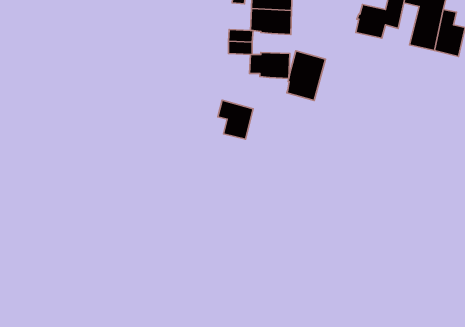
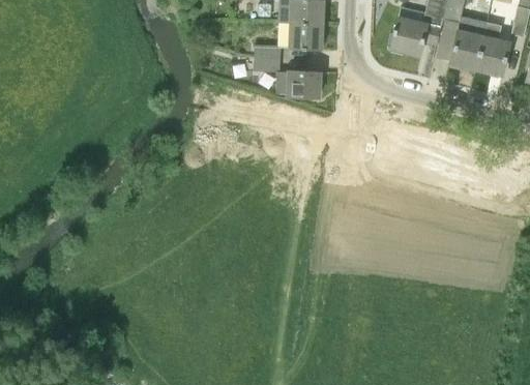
building: [287,51,325,100] -> none
building: [218,100,253,139] -> none

